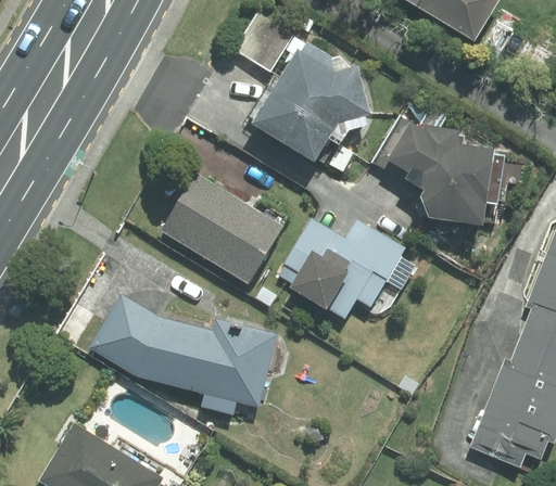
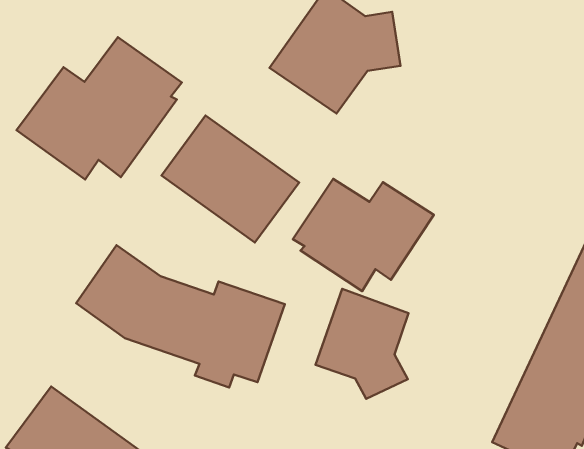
building: none -> [16,37,182,180]
building: [377,117,492,226] -> none
building: none -> [316,289,408,399]

